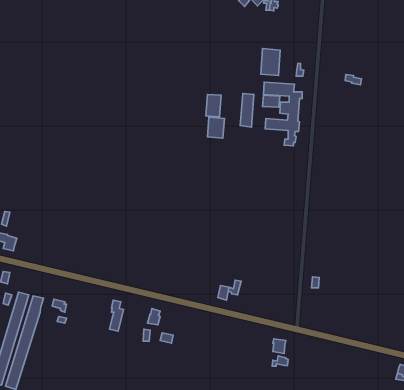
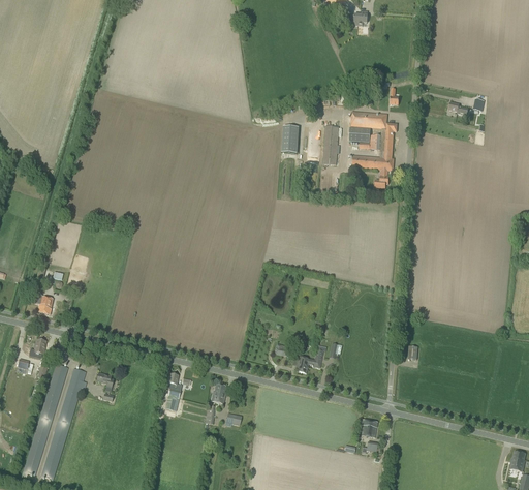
building: [261,49,280,76] -> none
building: [207,117,224,138] -> none

